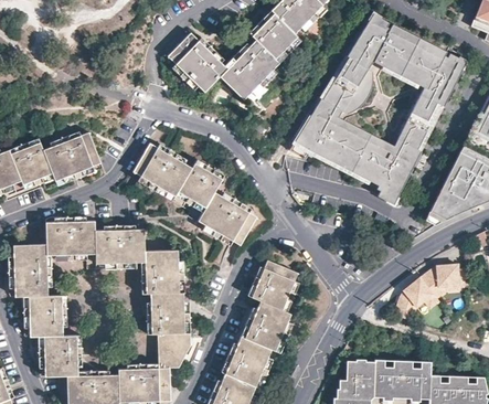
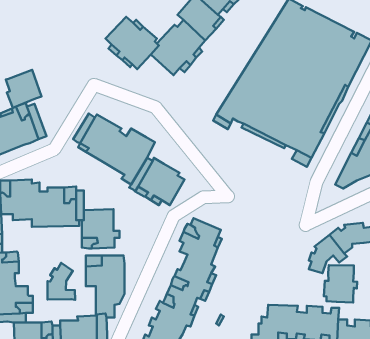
building: none -> [6,70,41,108]
building: none -> [47,263,75,300]
building: none -> [324,265,357,302]

